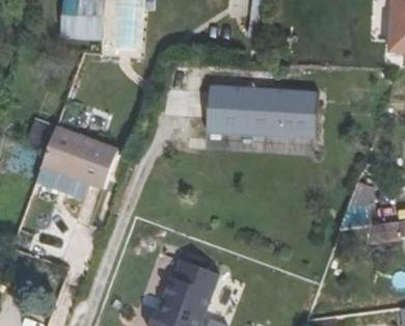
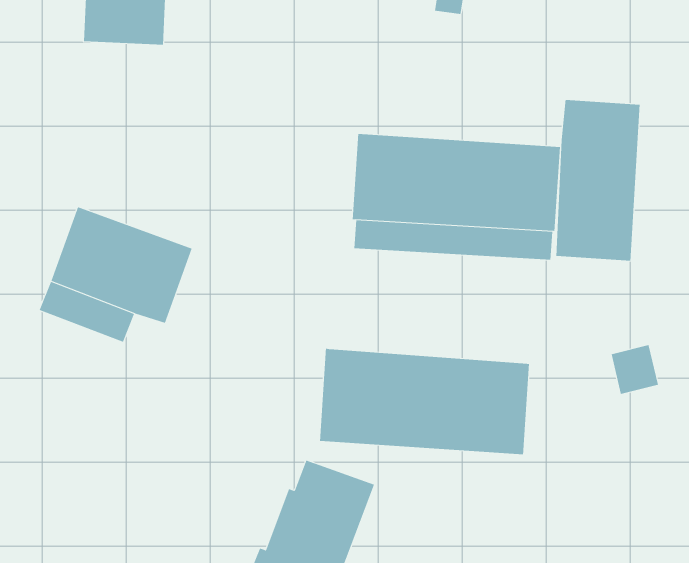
building: none -> [556,99,640,261]
building: none -> [319,348,529,455]

